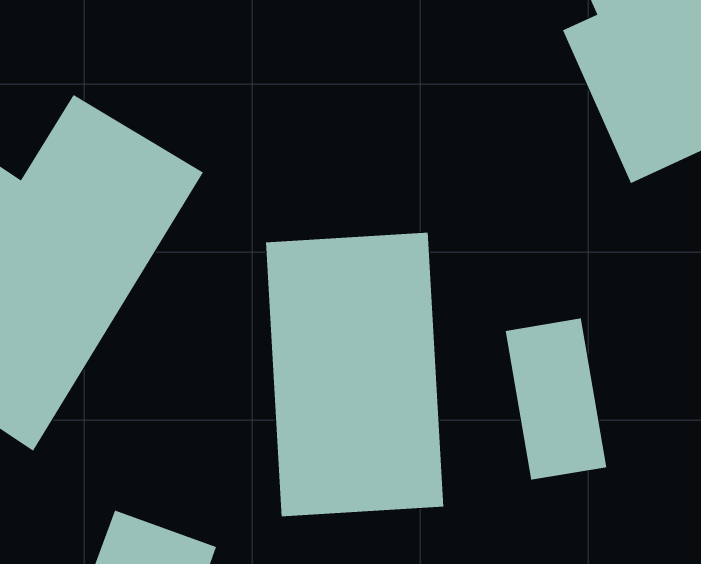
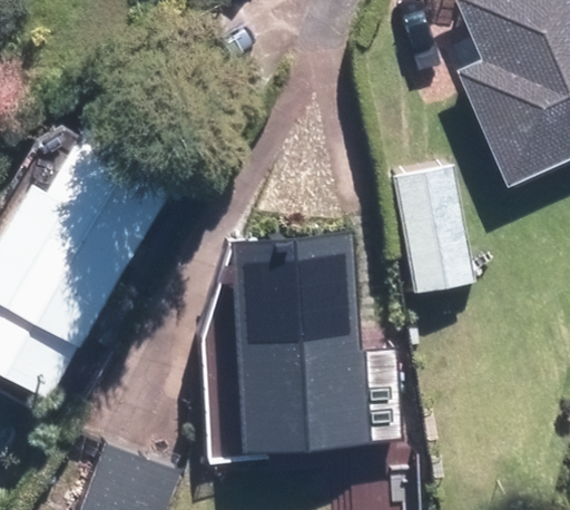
building: [505,318,607,480] -> [393,167,473,294]

